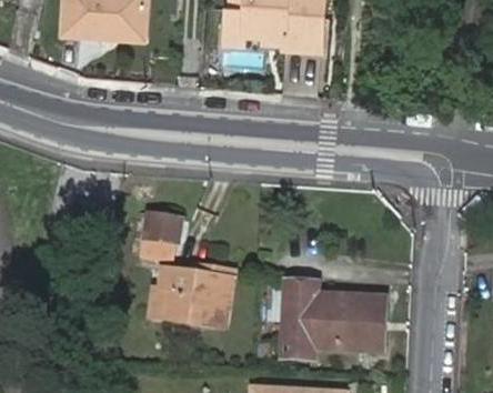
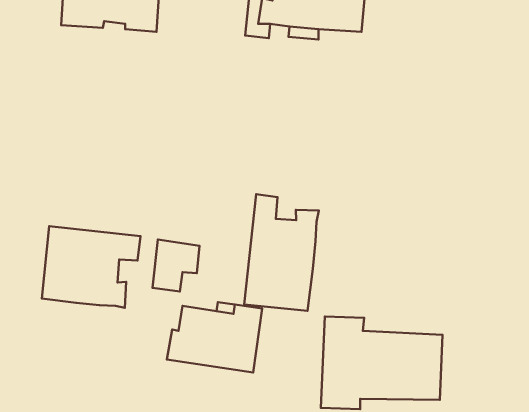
building: none -> [244,194,319,311]
building: none -> [42,226,141,308]

